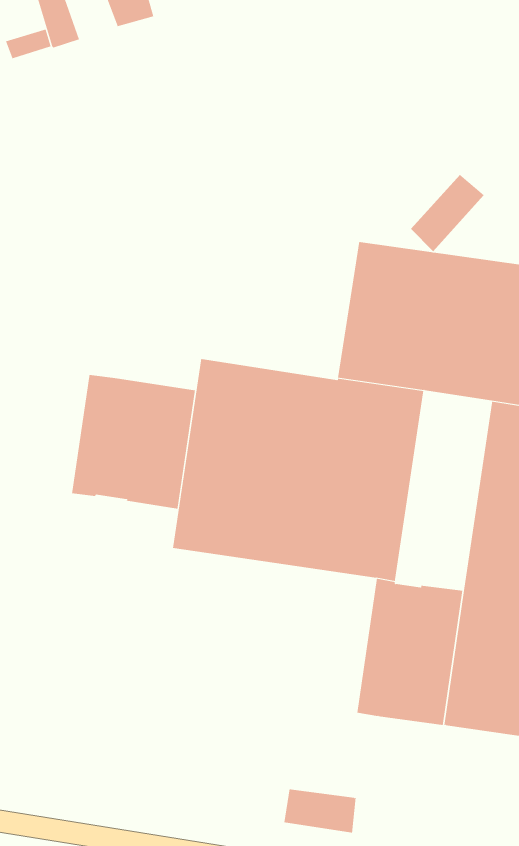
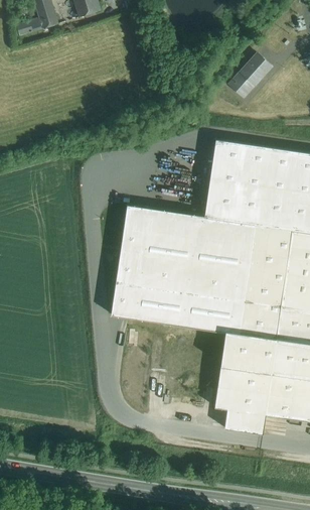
building: [410,174,485,252] -> [229,53,272,98]
building: [72,374,196,510] -> none
building: none -> [238,224,292,338]
building: [284,789,356,833] -> [224,409,266,434]

